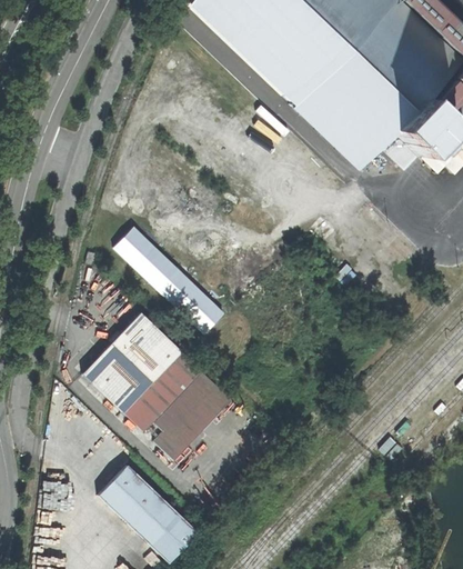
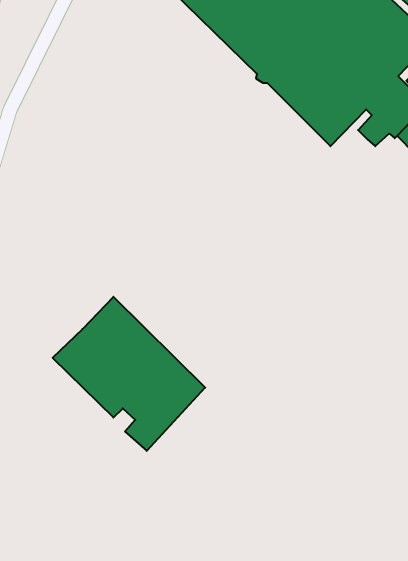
building: [114,226,222,332] -> none
building: [99,465,198,561] -> none

